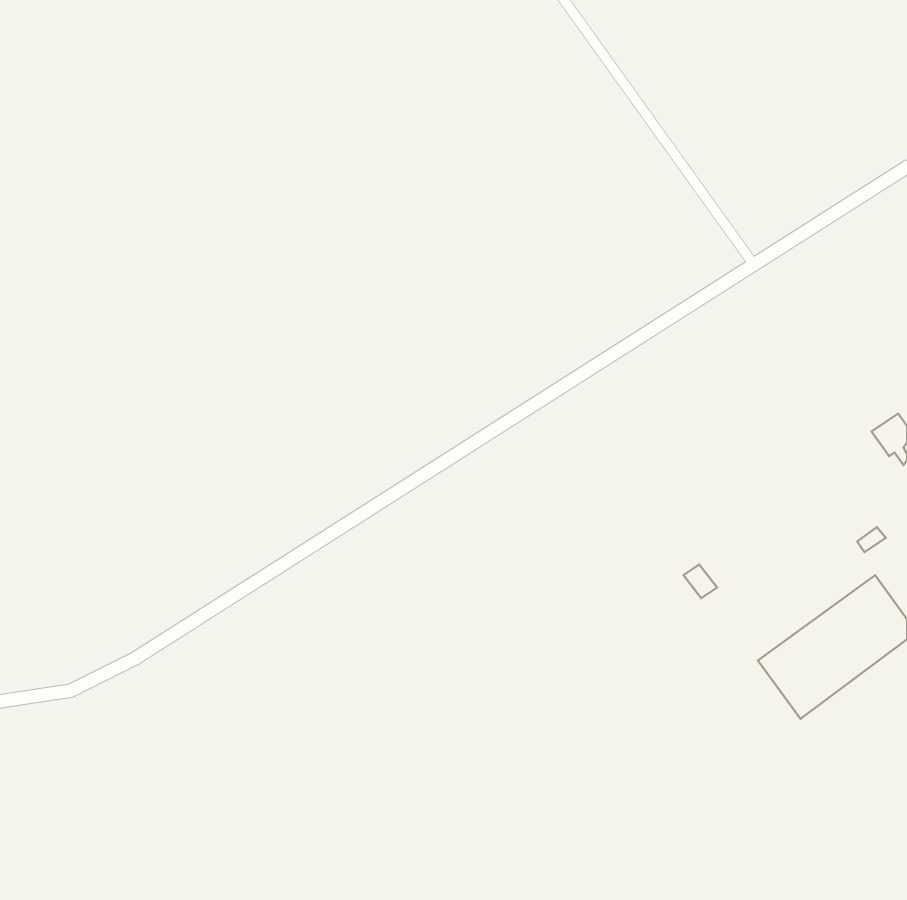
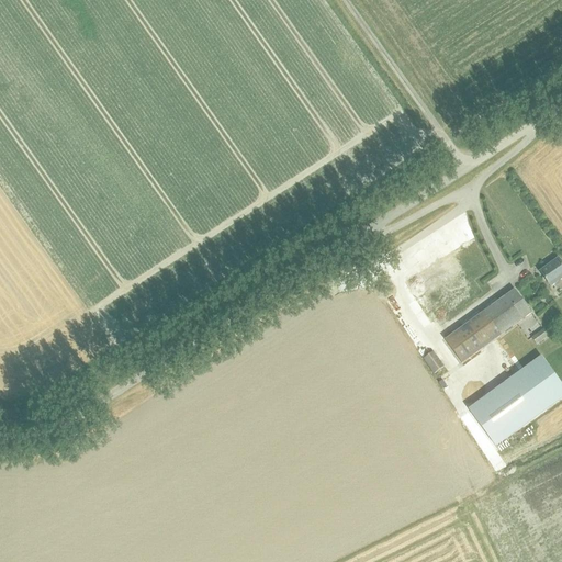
building: none -> [445,285,531,361]

